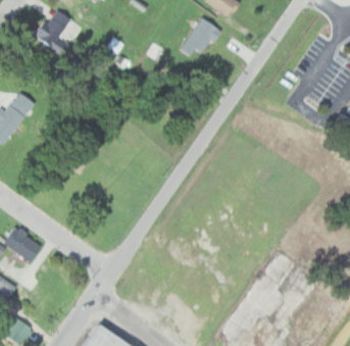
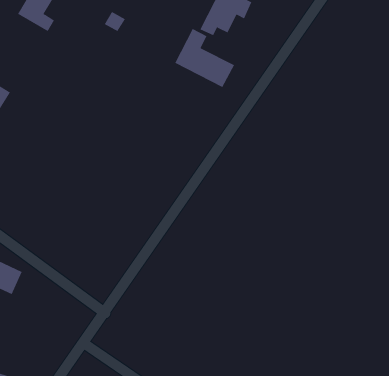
building: none -> [174,28,235,88]

